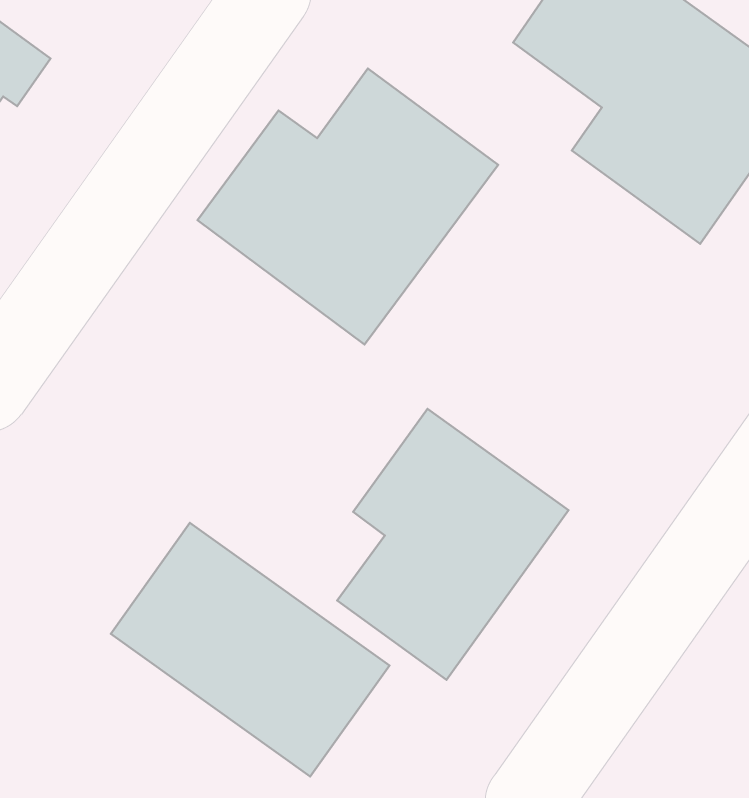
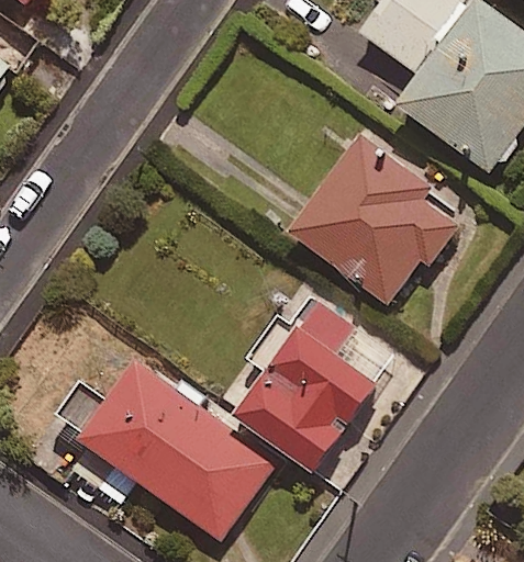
building: [197,68,498,345] -> none
building: none -> [291,138,456,303]

